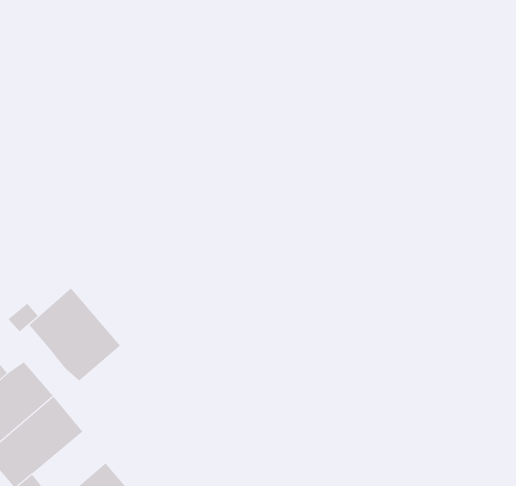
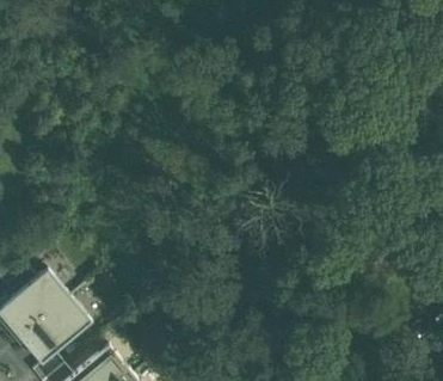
building: [29,288,121,381] -> none

